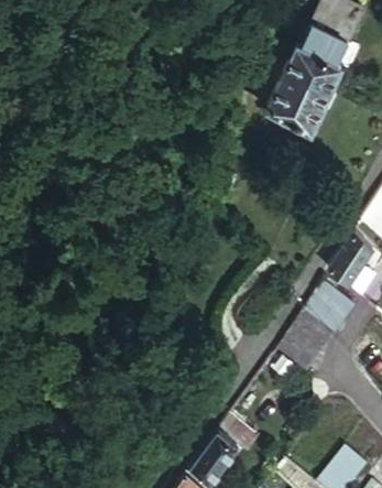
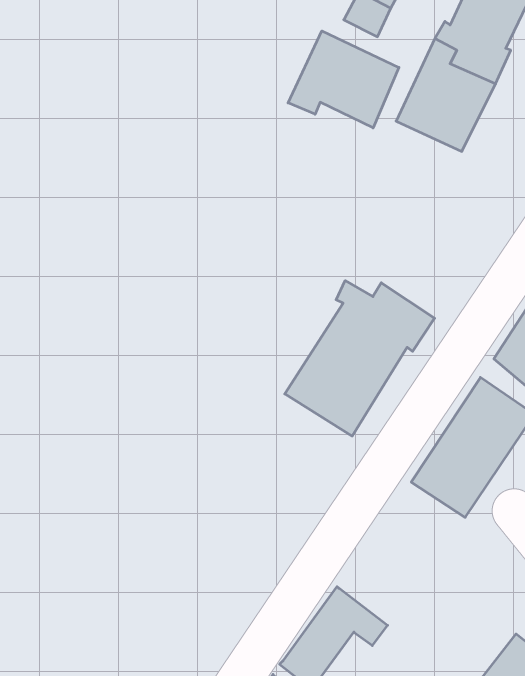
building: none -> [288,31,399,128]
building: none -> [285,281,435,436]

